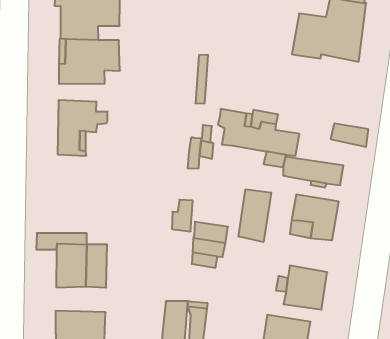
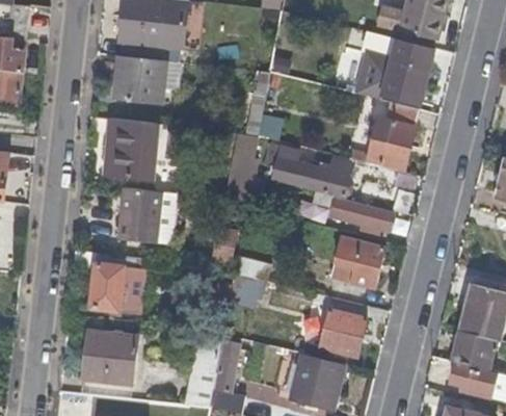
building: none -> [349,94,418,167]
building: none -> [118,187,177,242]
building: [239,189,271,242] -> none

